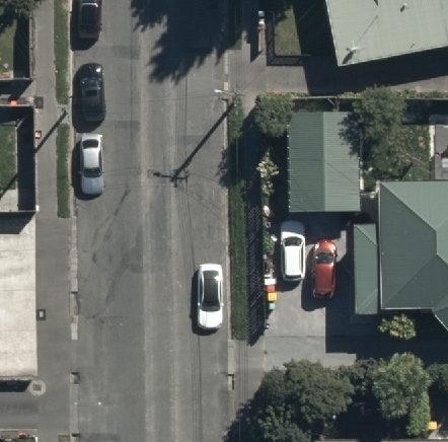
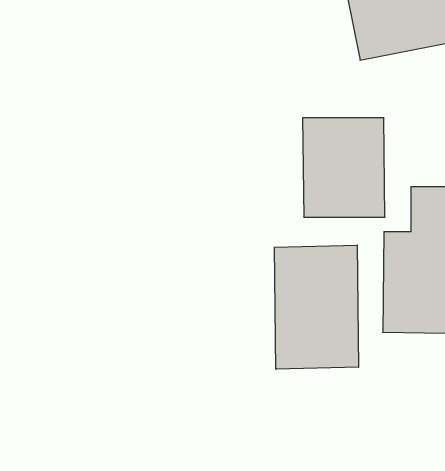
building: none -> [274,245,359,369]

